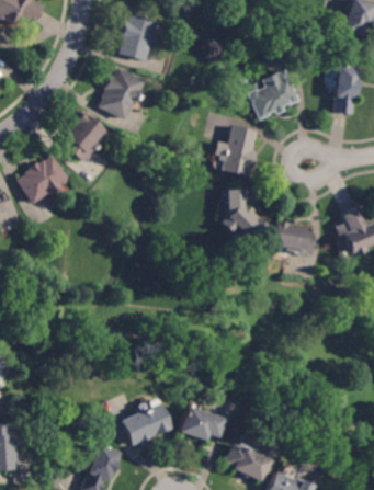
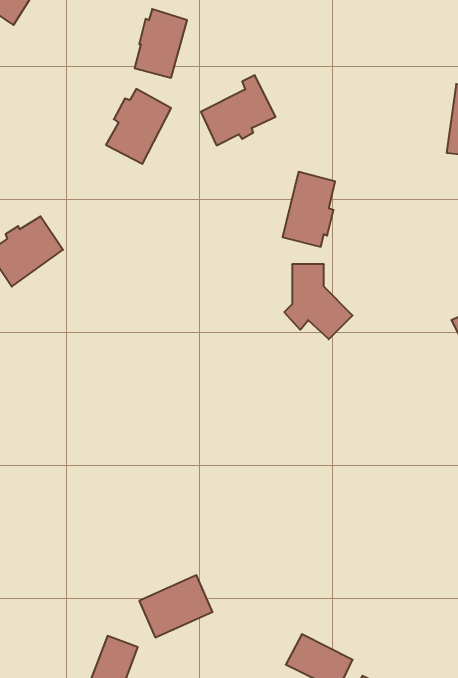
building: [249,70,301,118] -> [201,75,276,145]
building: [66,113,105,161] -> none
building: [274,220,316,255] -> none
building: [180,407,224,440] -> none

